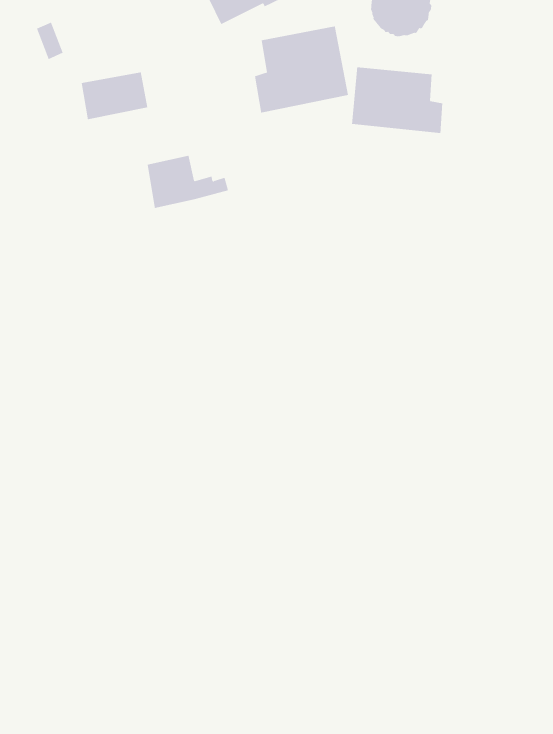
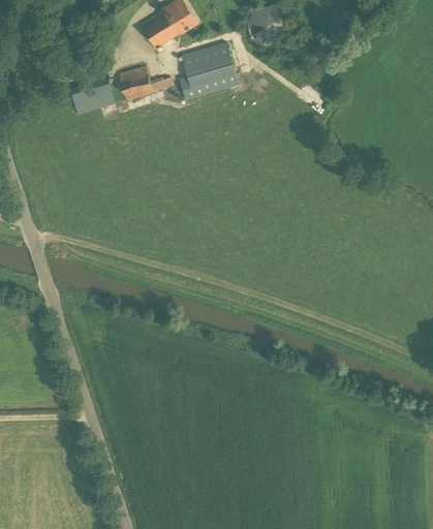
building: [352,67,443,134] -> none
building: [147,155,229,208] -> [120,65,173,100]

